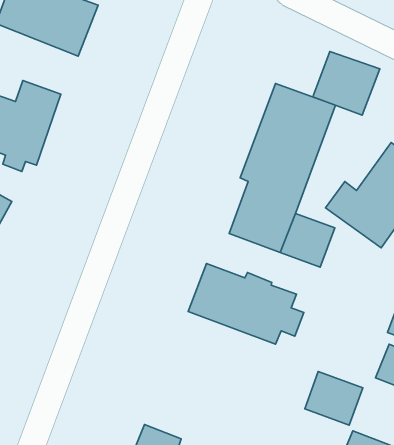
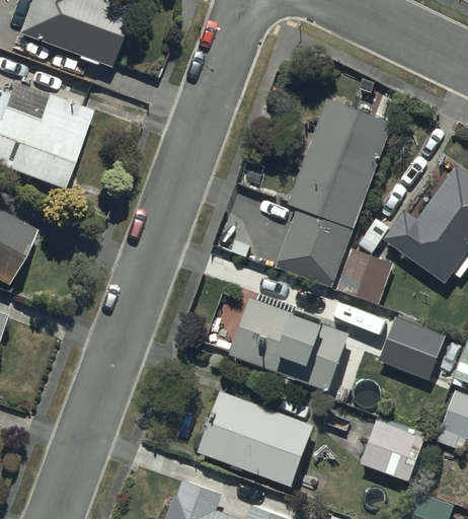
building: [313,51,380,115] -> none
building: none -> [378,317,444,377]
building: none -> [199,392,311,486]

